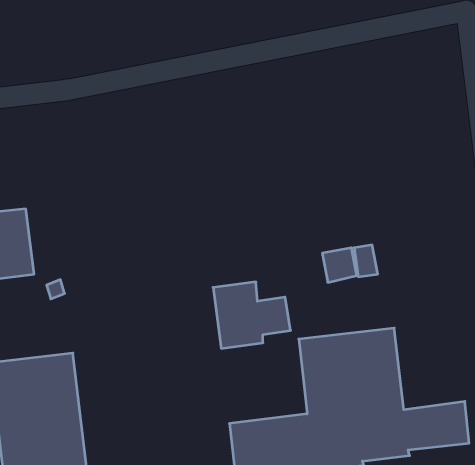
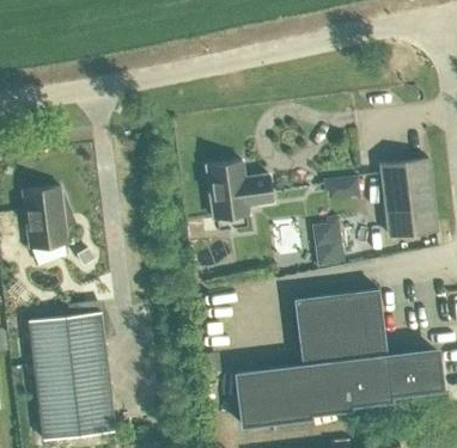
building: none -> [380,160,437,237]
building: [213,282,291,348] -> [206,162,273,220]

